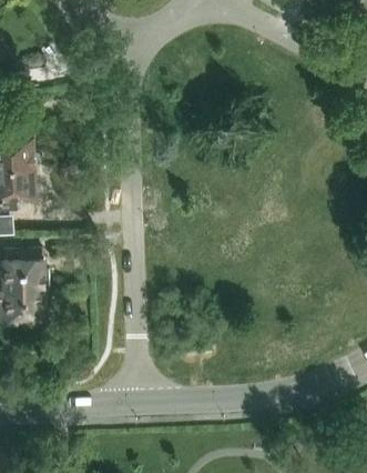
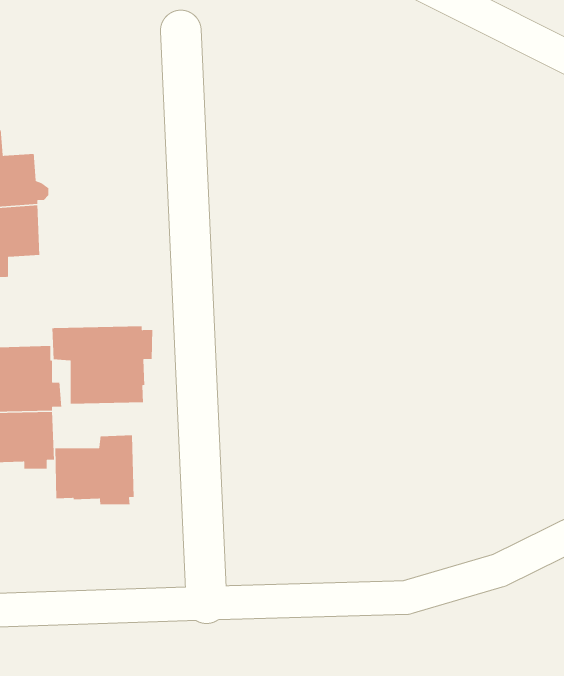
building: none -> [51,325,153,404]
building: none -> [55,434,134,505]

